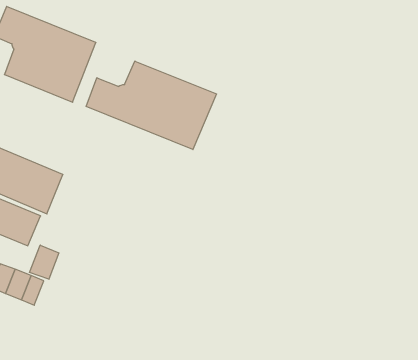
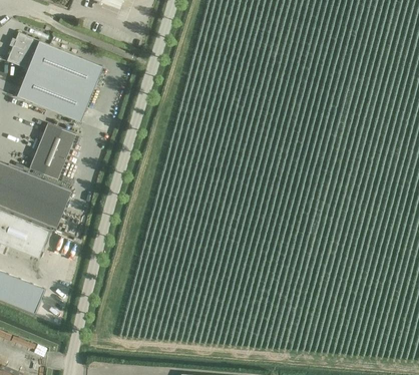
building: [86,61,216,150] -> none
building: none -> [28,122,75,179]
building: [30,245,59,279] -> none

